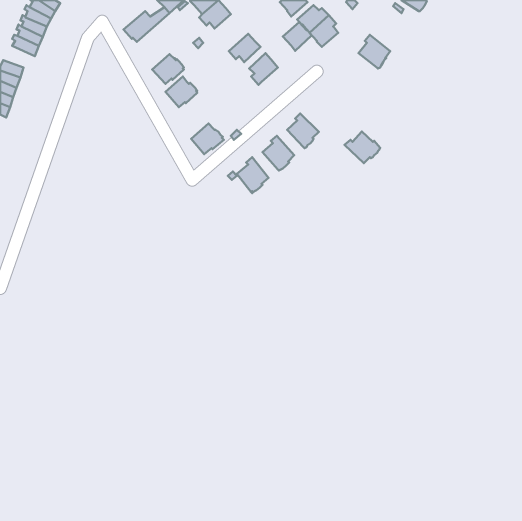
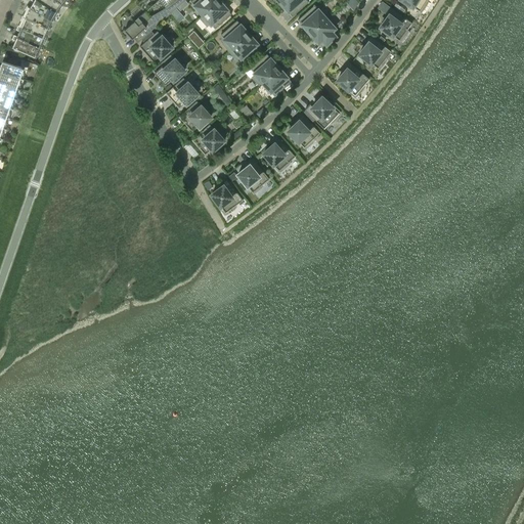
building: none -> [380,8,411,42]
building: none -> [220,20,249,52]
building: [283,22,312,51] -> [262,69,291,97]
building: none -> [139,32,172,62]
building: none -> [337,62,368,97]
building: none -> [179,101,211,132]
building: [344,132,380,163] -> [304,97,340,129]
building: none -> [211,179,243,215]

